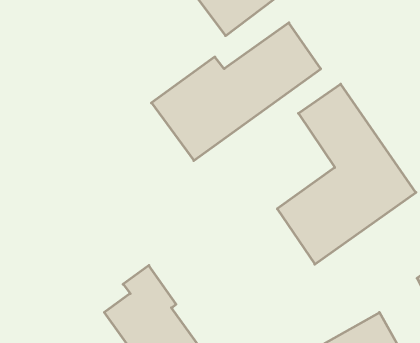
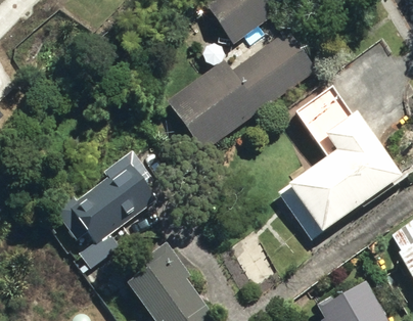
building: none -> [53,150,155,242]

